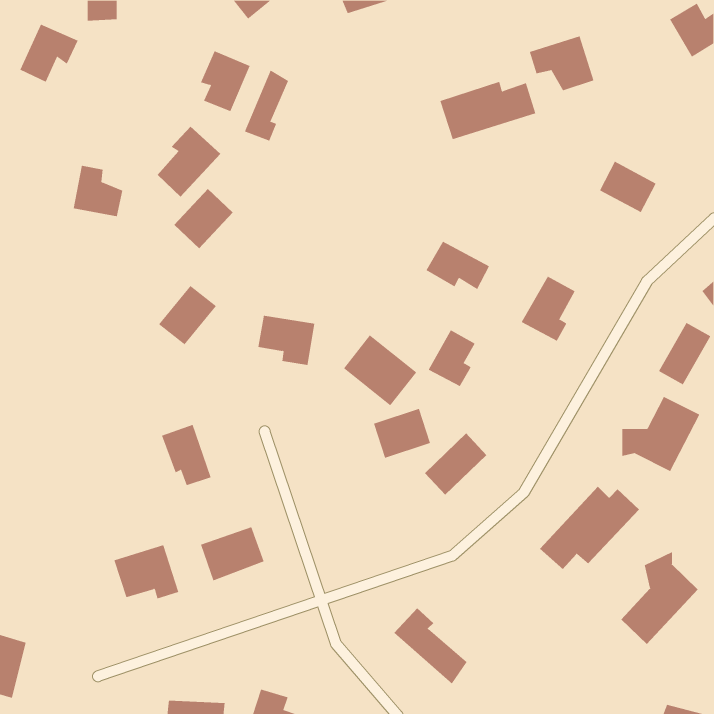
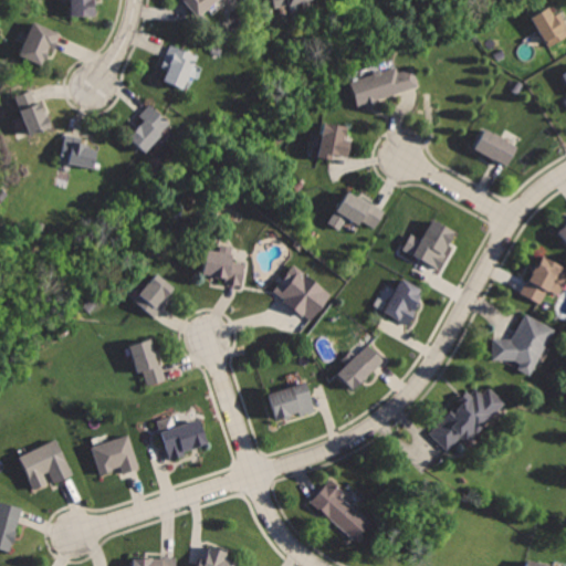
building: [529,36,594,91] -> none
building: [244,70,289,142] -> none
building: none -> [14,85,51,139]
building: none -> [315,119,352,164]
building: [173,188,234,249] -> none
building: [158,285,217,345] -> [130,273,177,321]
building: [428,329,476,387] -> [384,280,421,325]
building: [373,408,431,459] -> [269,382,314,422]
building: [621,551,699,645] -> none
building: none -> [19,439,74,486]

